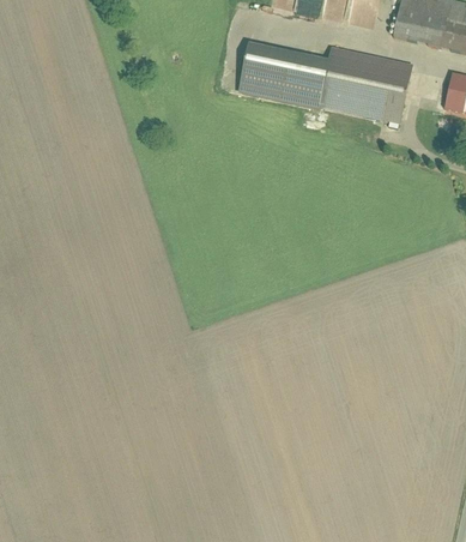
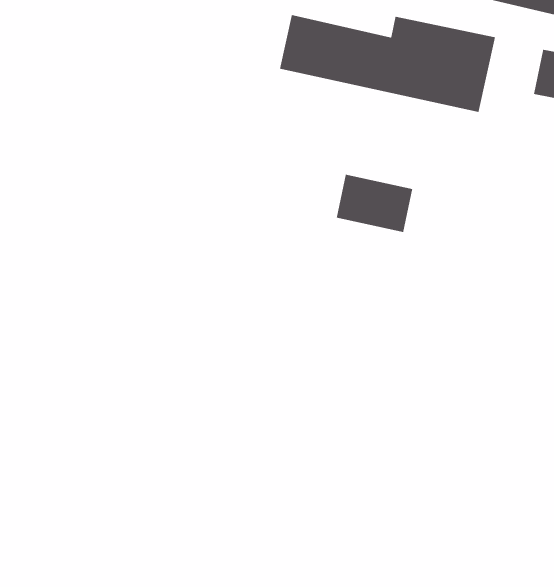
building: none -> [336,174,413,233]

